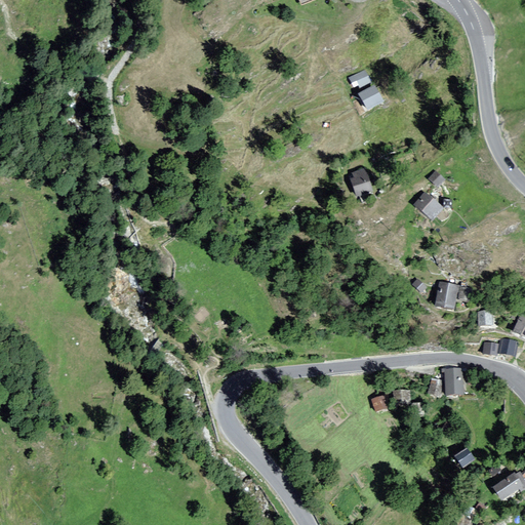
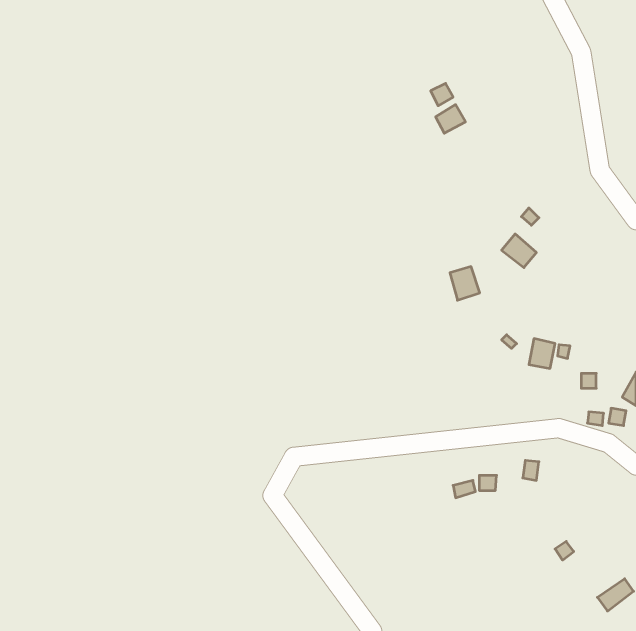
building: [349,168,373,196] -> [450,267,480,300]
building: [448,367,463,395] -> none

